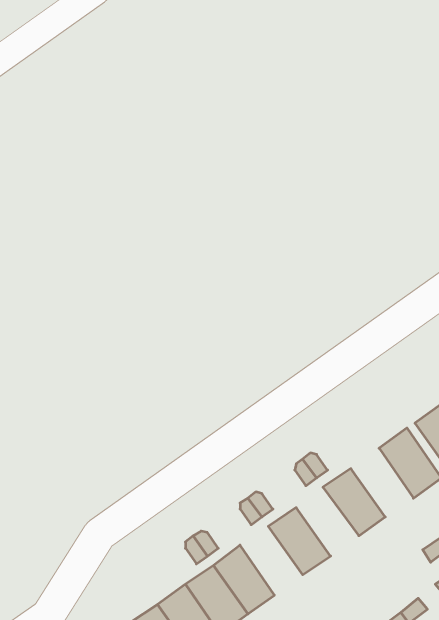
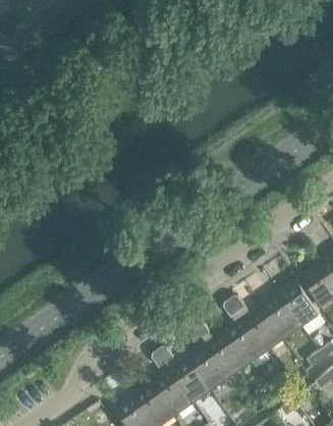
building: none -> [260,294,300,338]
building: none -> [224,319,265,364]
building: none -> [187,344,228,389]

